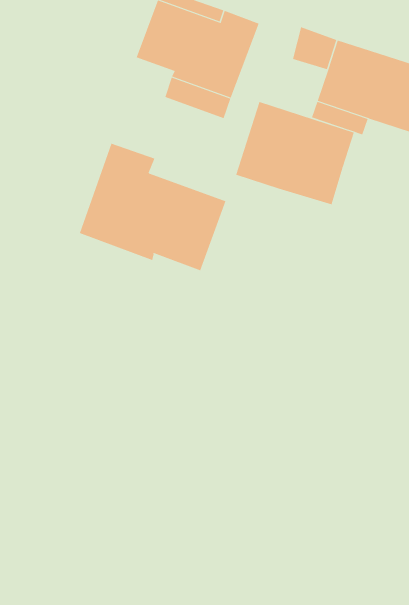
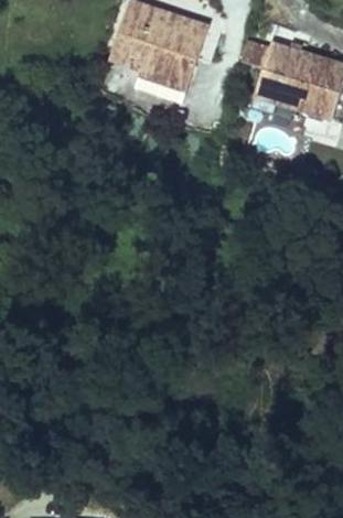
building: [235,101,355,205] -> none
building: [79,143,226,271] -> none

